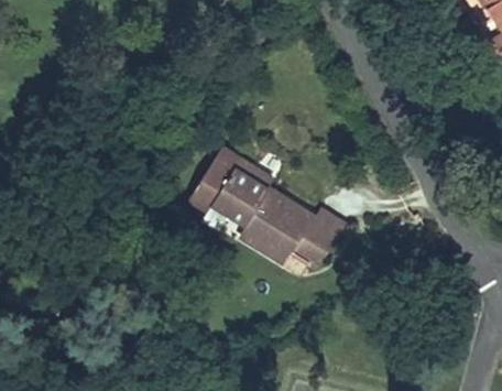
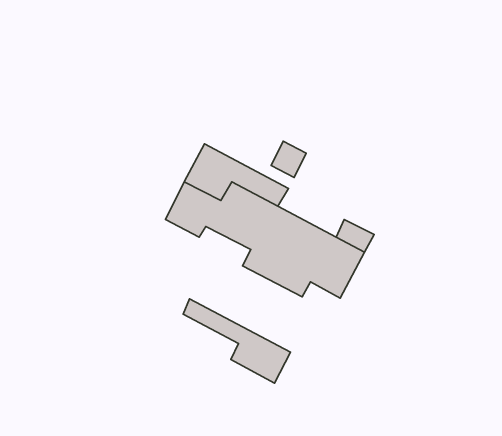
building: none -> [183,299,291,383]

